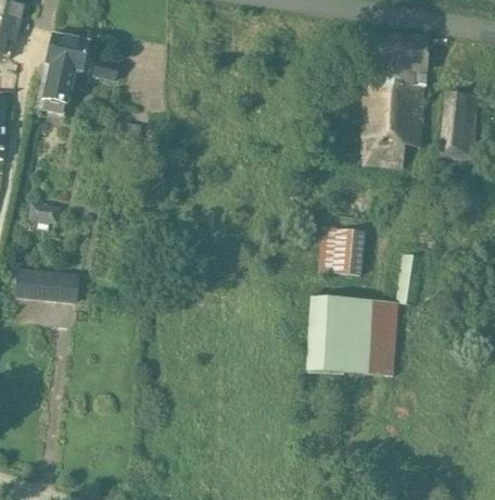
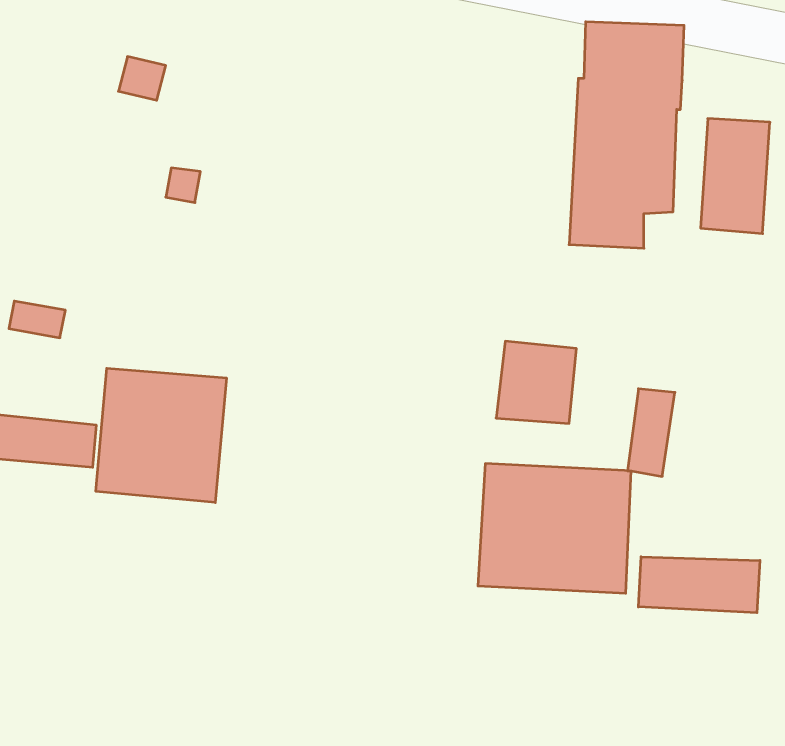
building: [42,33,90,104] -> none
building: none -> [96,368,226,503]
building: none -> [638,557,760,613]

